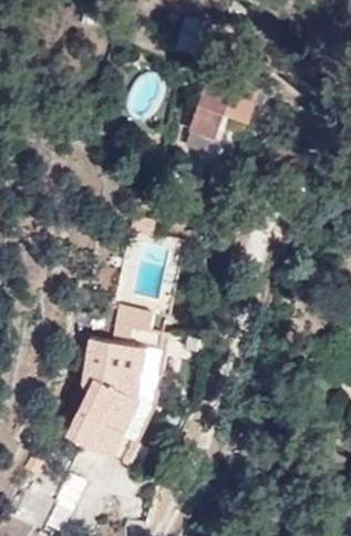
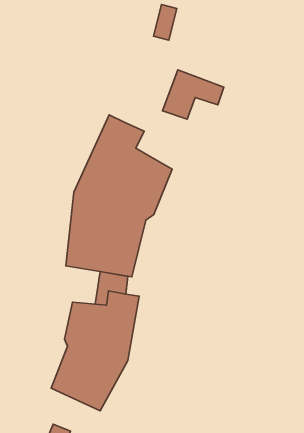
building: none -> [66,115,172,277]

